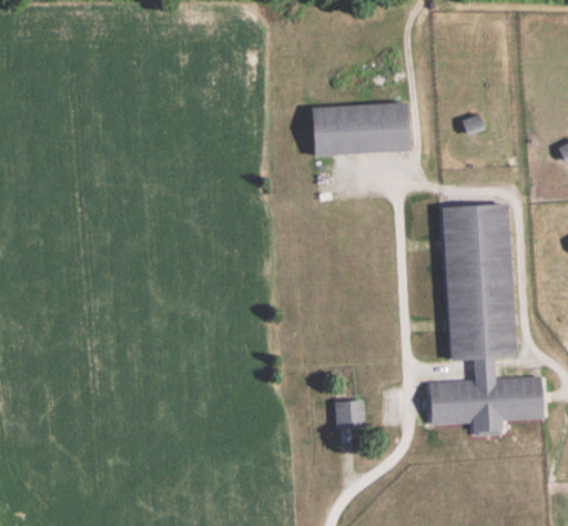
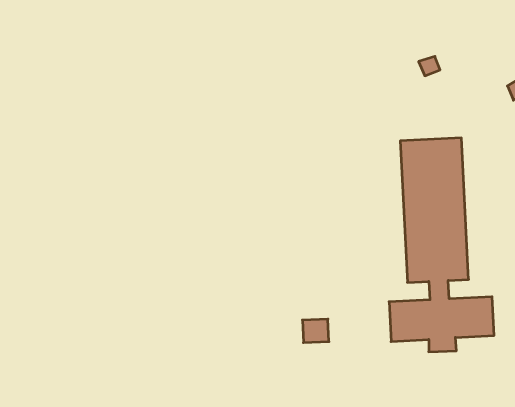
building: [312,103,409,155] -> none

